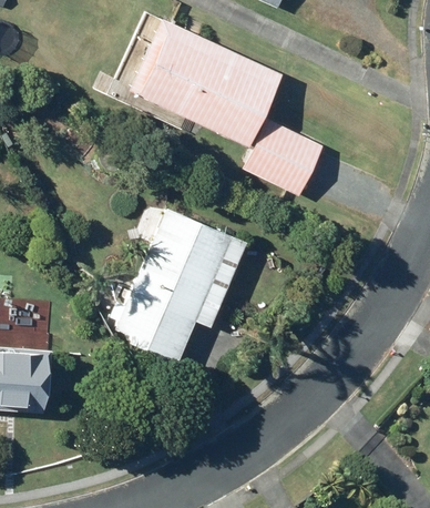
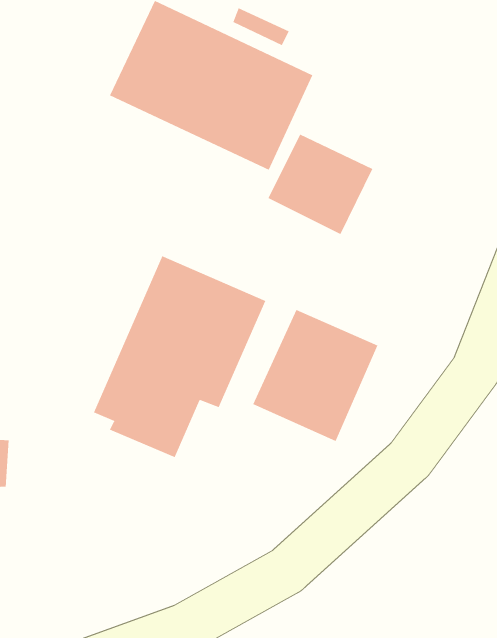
building: none -> [253,309,378,442]

